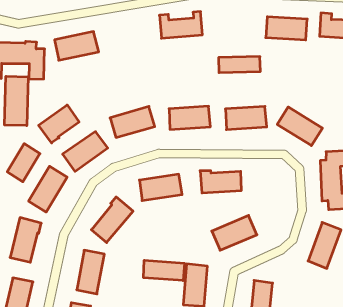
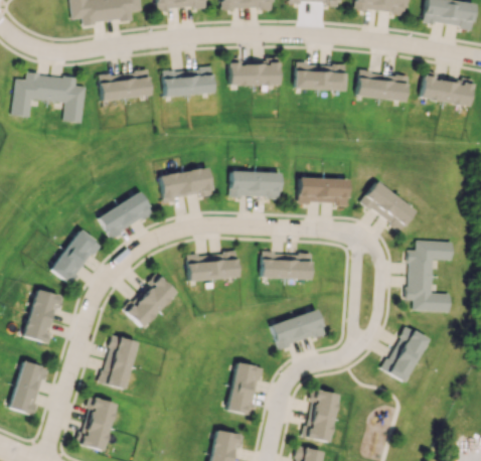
building: none -> [163,67,214,98]
building: [219,57,260,73] -> [295,69,346,91]
building: [5,76,28,126] -> none
building: [39,105,79,143] -> none
building: [7,144,40,182] -> none
building: [144,260,184,281] -> none

